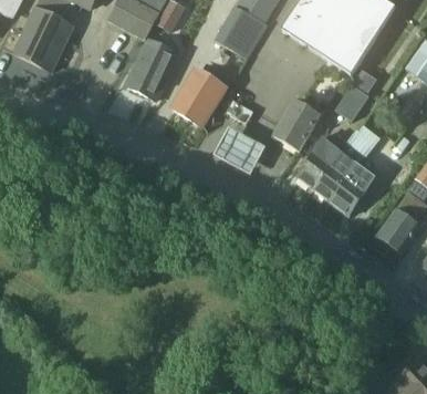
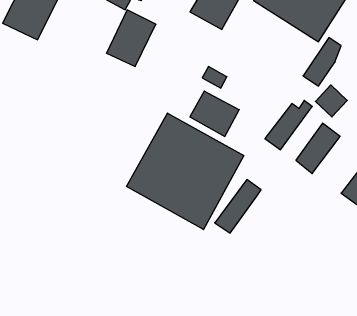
building: [171,66,227,127] -> none
building: [272,101,322,154] -> none
building: [311,144,361,201] -> [215,180,261,233]
building: none -> [127,113,244,230]

